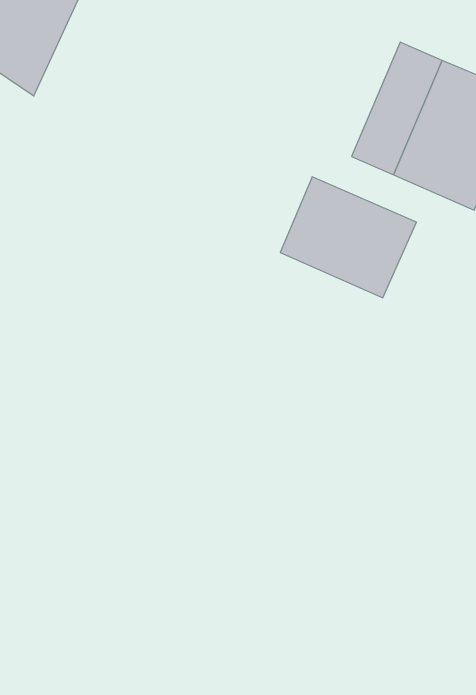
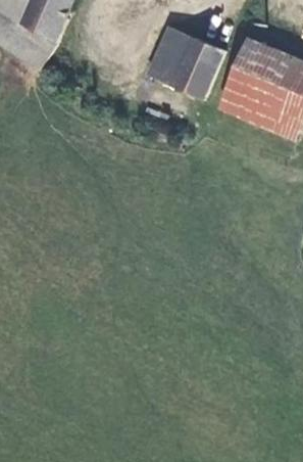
building: [280,177,416,298] -> [134,21,216,95]

